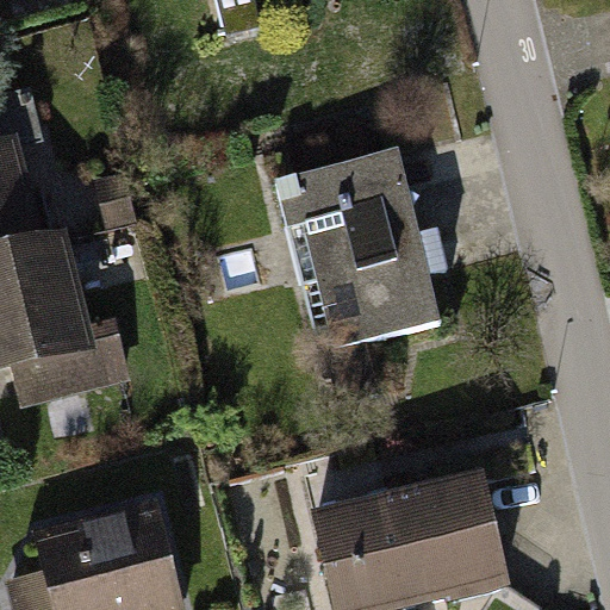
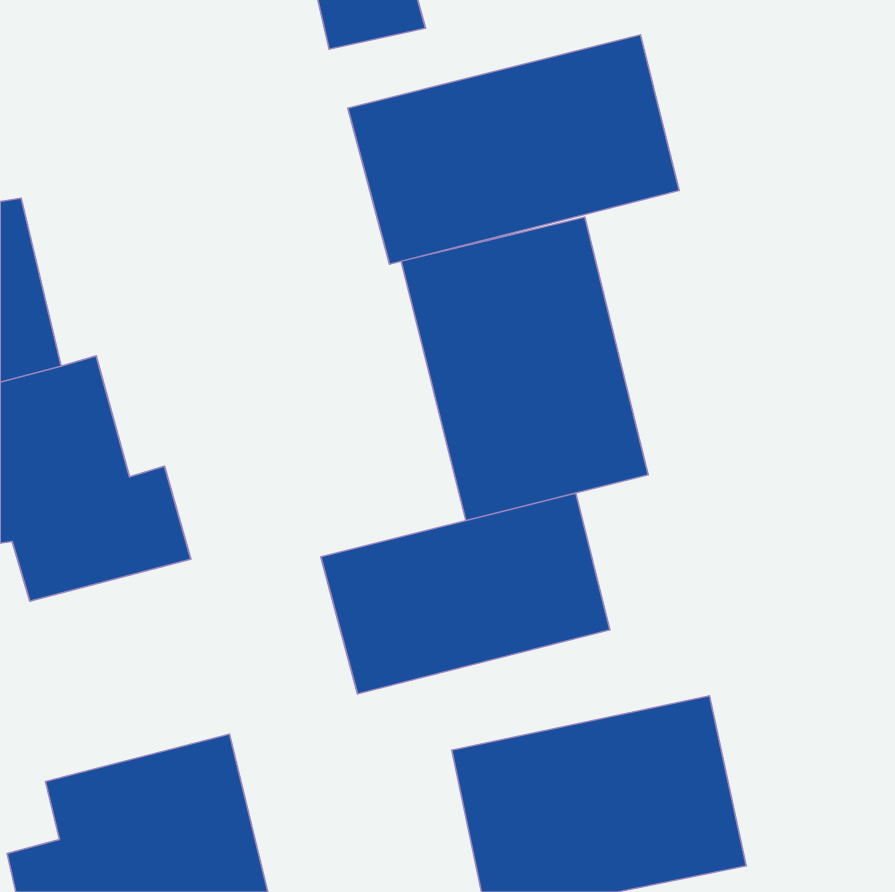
building: none -> [348,35,679,264]
building: none -> [321,493,610,694]

